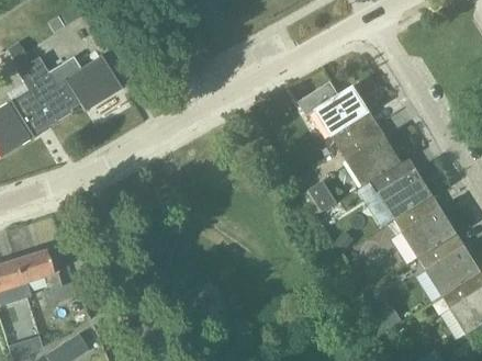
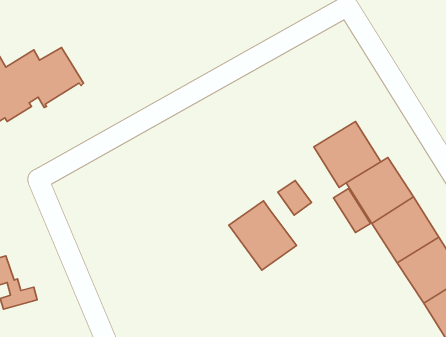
building: [296,81,378,148] -> none
building: none -> [229,201,296,270]

